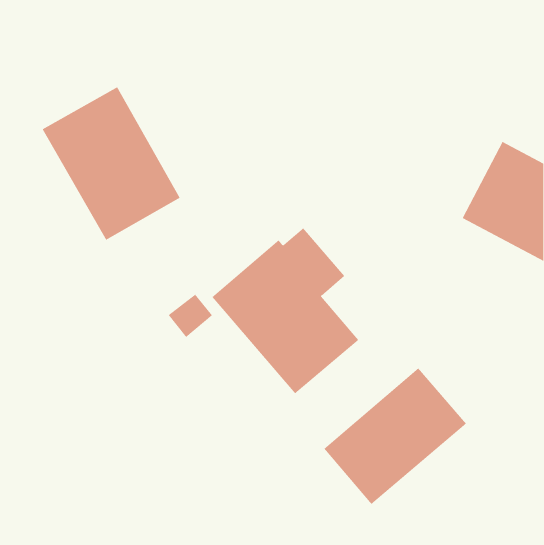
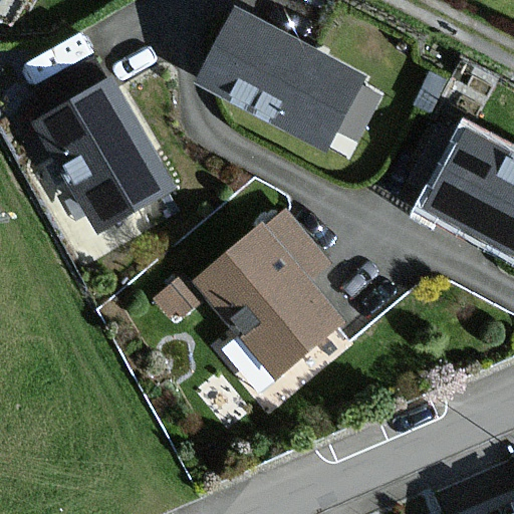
building: none -> [203,10,361,143]
building: [323,367,467,505] -> none

